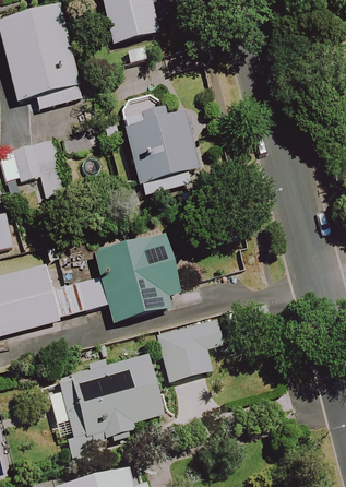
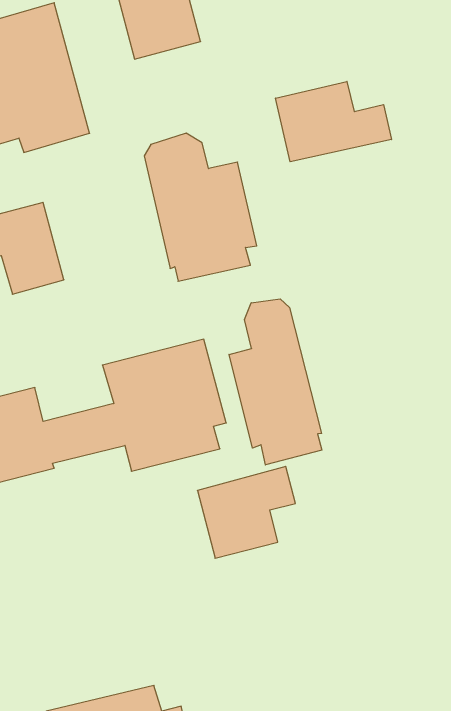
building: none -> [276,81,391,162]
building: none -> [229,299,322,465]
building: [47,353,163,460] -> none

